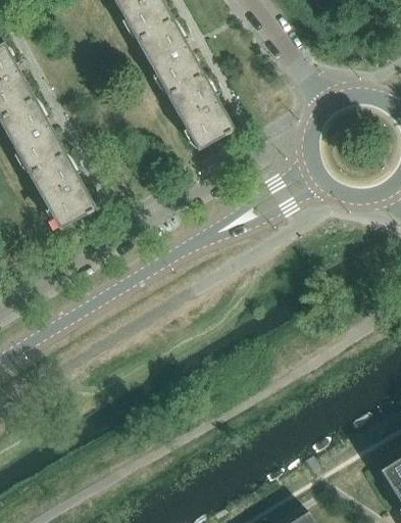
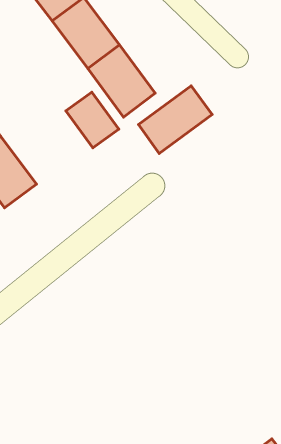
building: none -> [66,92,119,148]
building: none -> [138,86,212,154]

